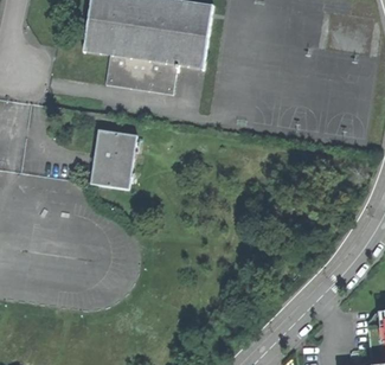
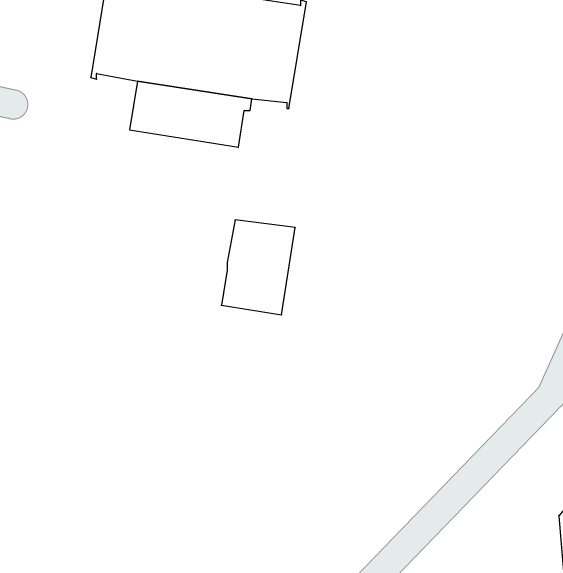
building: [91,128,136,186] -> [221,220,295,315]

